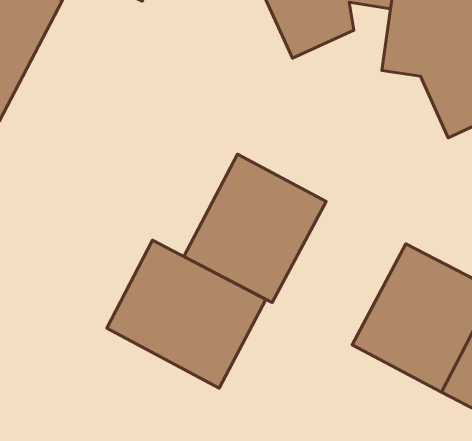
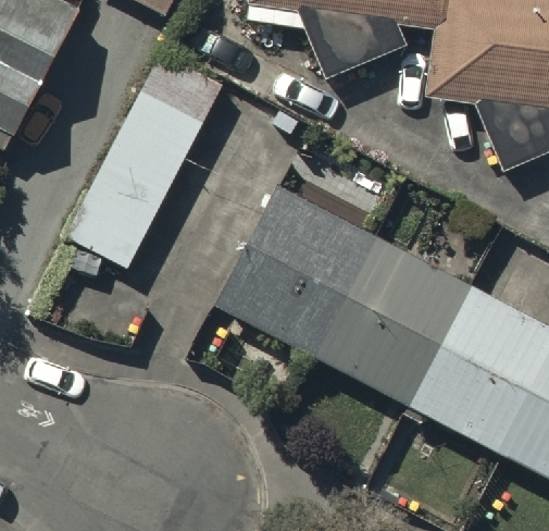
building: none -> [75,58,224,269]
building: none -> [313,238,464,400]
building: [107,240,266,388] -> none

